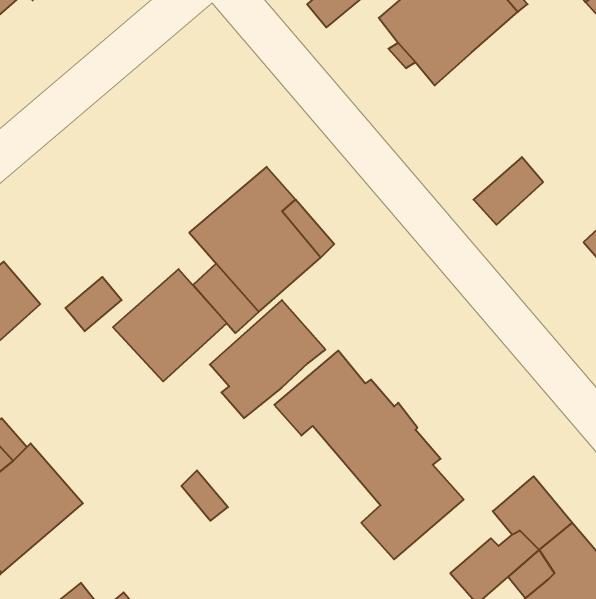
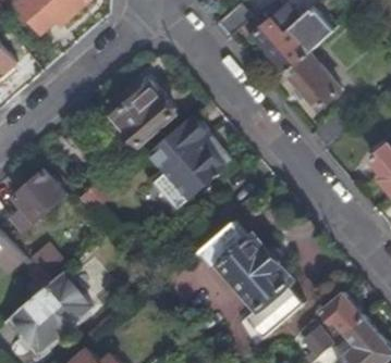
building: none -> [286,53,339,108]
building: [113,269,227,381] -> [109,84,173,147]
building: [210,300,325,418] -> none

